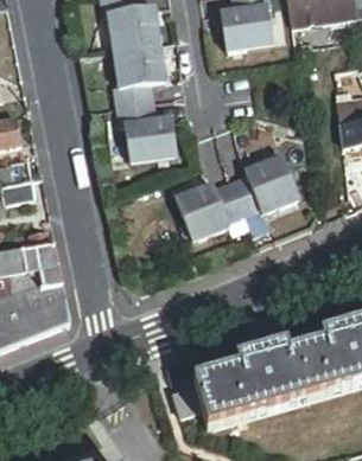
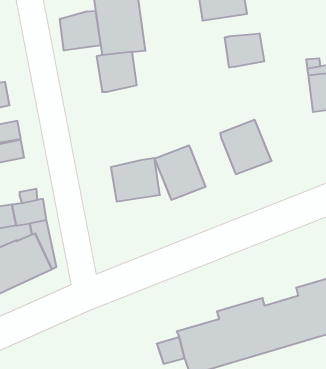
building: none -> [60,11,100,51]
building: none -> [225,33,264,68]
building: [122,117,174,164] -> [111,158,160,202]
building: [212,177,259,225] -> none

